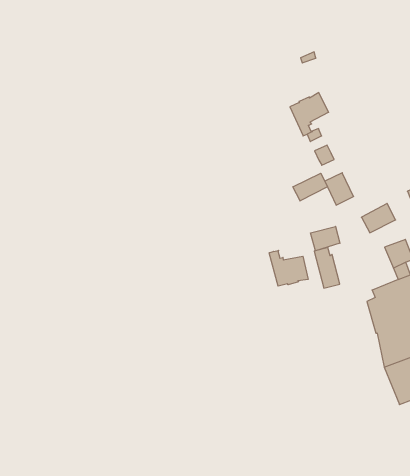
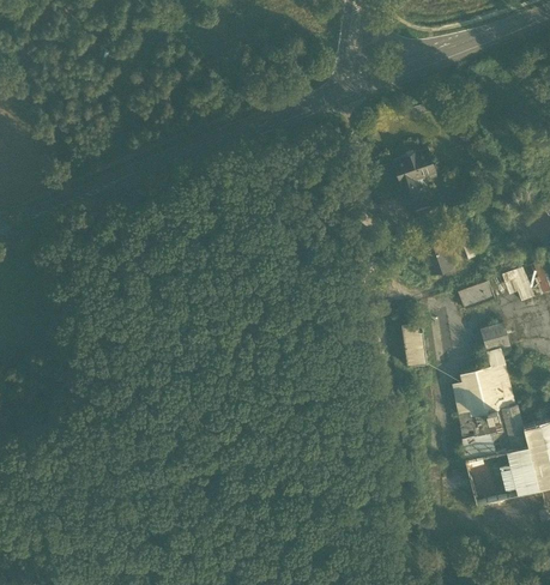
building: [293,173,327,201] -> none
building: [311,226,340,251] -> none
building: [269,250,308,286] -> none

